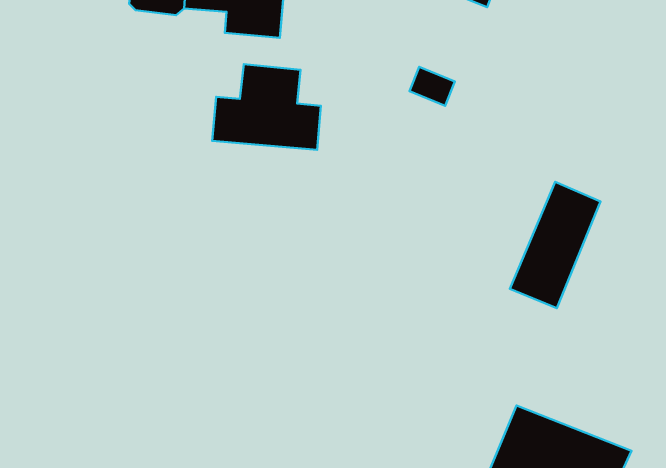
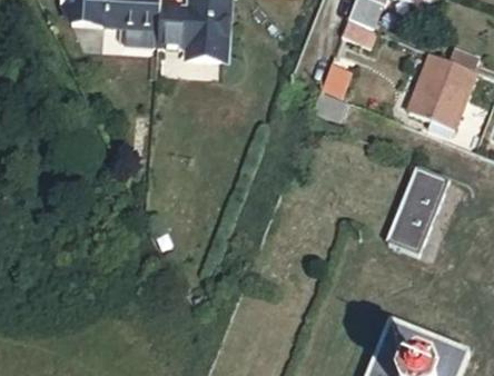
building: none -> [406,48,474,125]
building: [212,64,321,150] -> none

